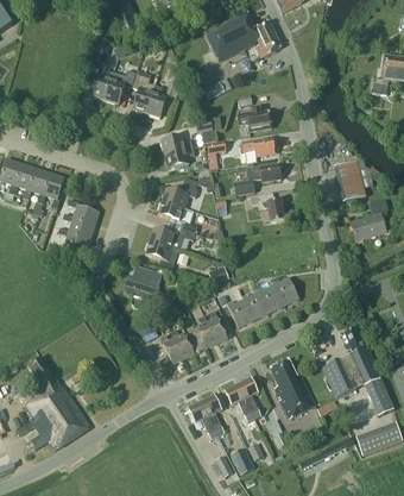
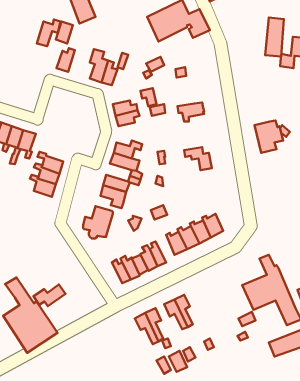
building: none -> [265,17,284,57]
building: [105,69,134,102] -> [37,20,61,46]
building: [236,107,271,130] -> none
building: [233,163,279,194] -> none
building: [351,200,387,240] -> none
building: [270,358,315,417] -> none
building: none -> [33,285,66,306]

